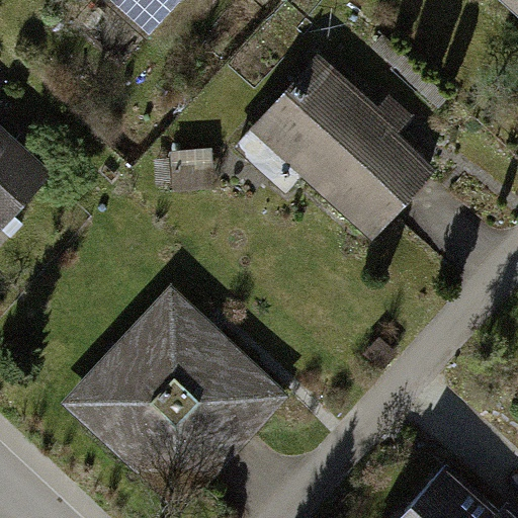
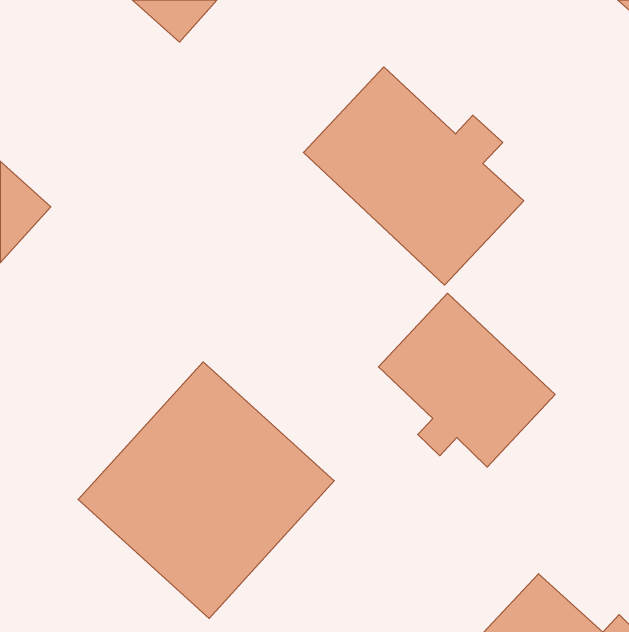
building: none -> [378,293,555,467]

